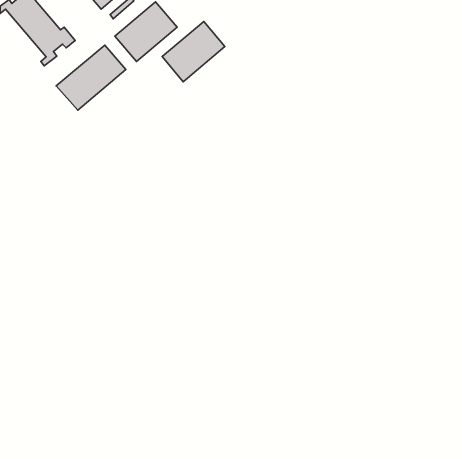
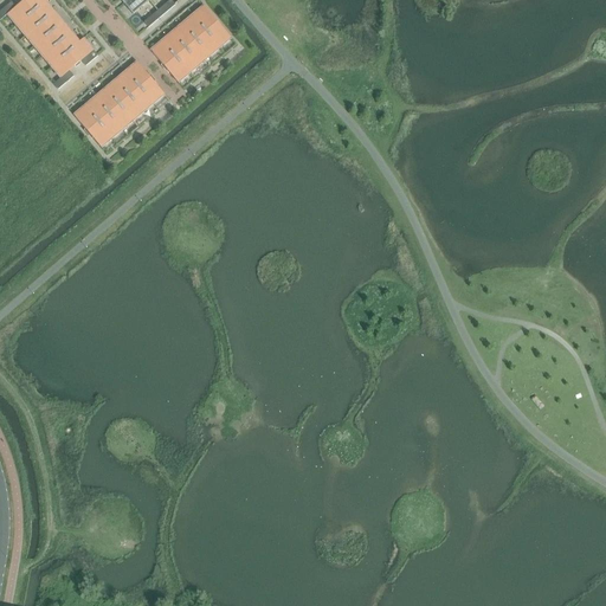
building: [162,21,225,82] -> none

